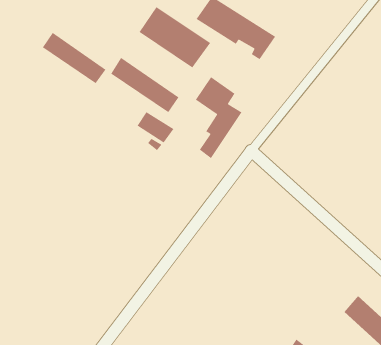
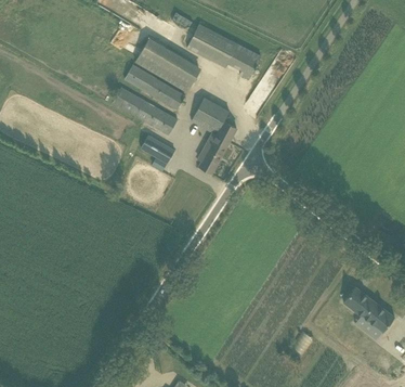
building: [42,32,106,84] -> [123,65,184,109]

